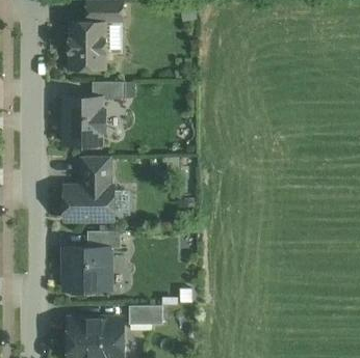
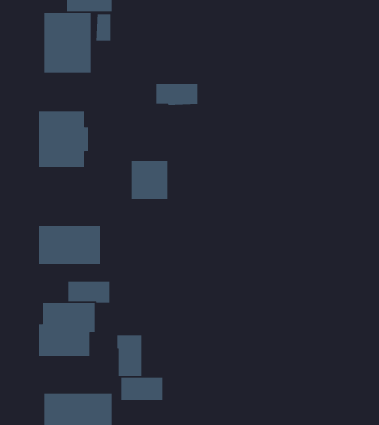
building: [91,82,124,100] -> [155,83,198,106]
building: [80,157,109,188] -> [131,160,168,200]
building: none -> [116,335,142,377]

